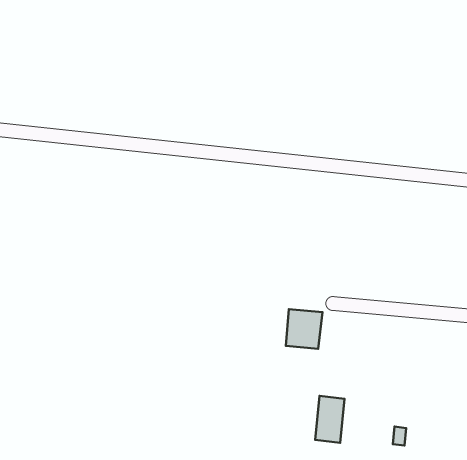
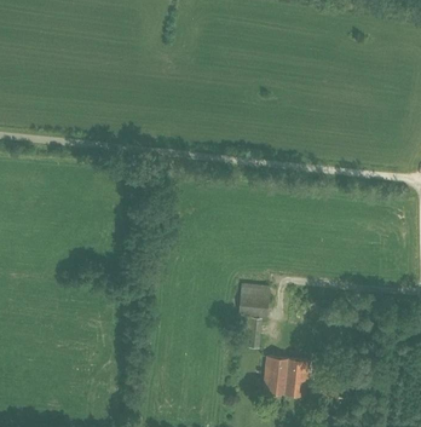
building: none -> [283,357,308,394]

